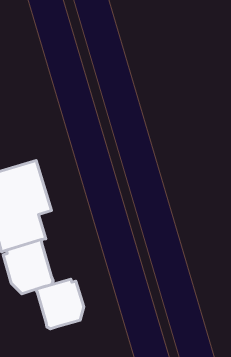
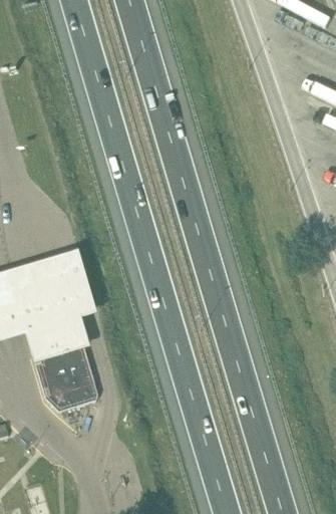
building: [36,279,84,329] -> none

